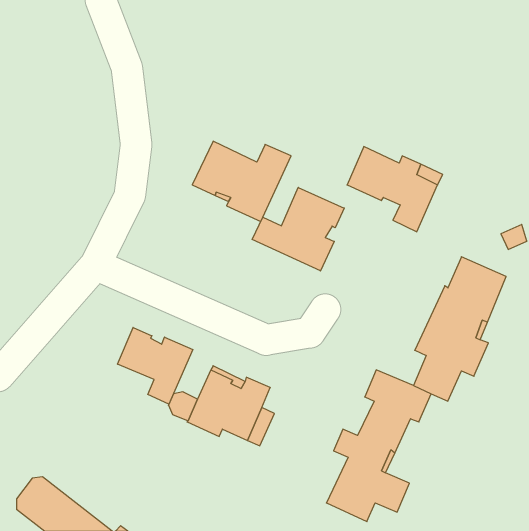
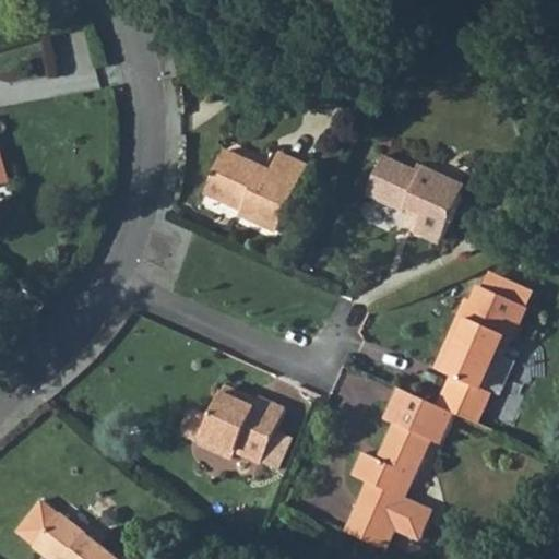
building: [252,187,344,271] -> none
building: [118,327,193,404] -> none

